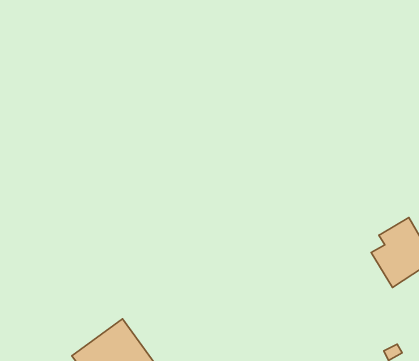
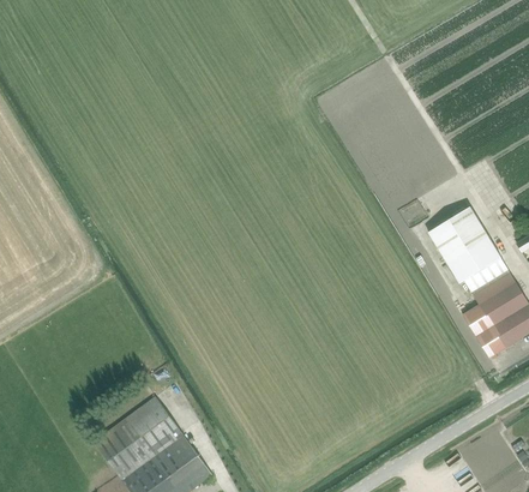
building: none -> [428,208,501,284]

